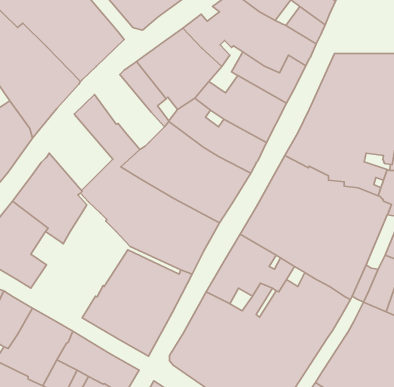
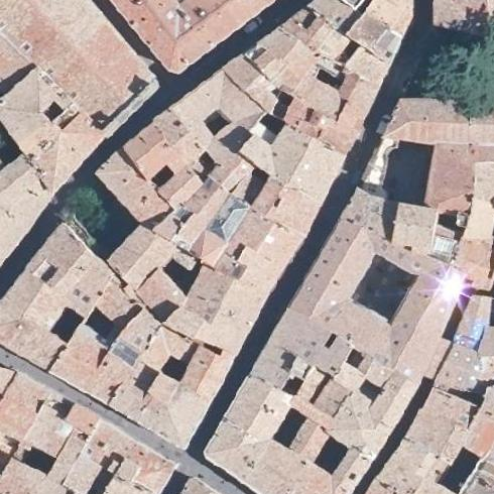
building: none -> [122,123,203,210]
building: none -> [48,274,160,404]

